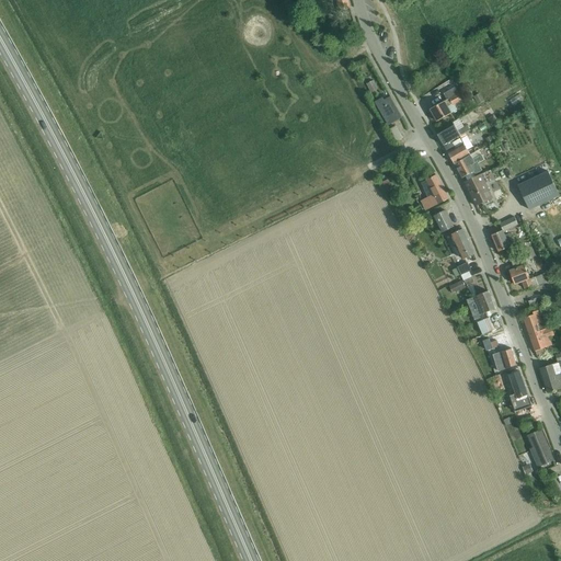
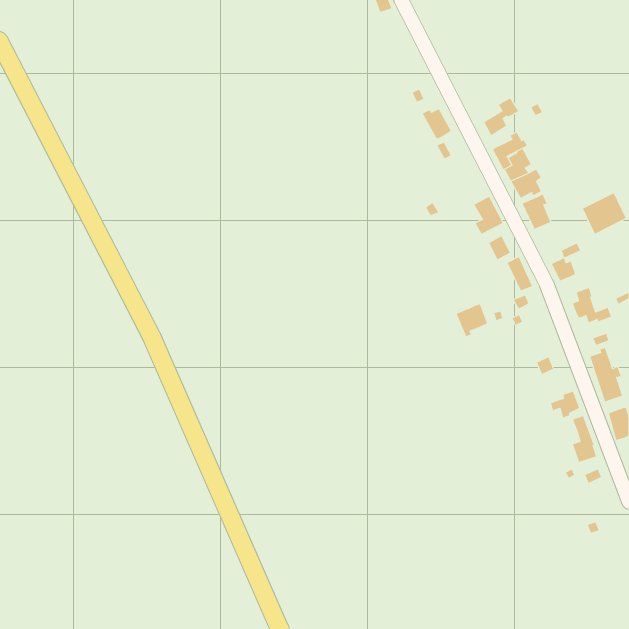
building: [466,290,494,320] -> [456,304,488,337]
building: [526,428,552,467] -> none

